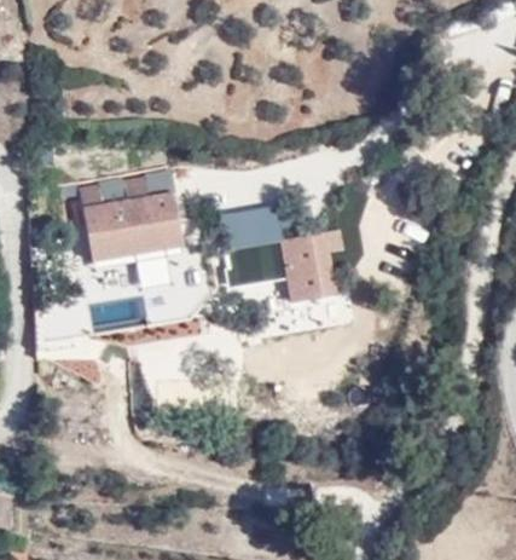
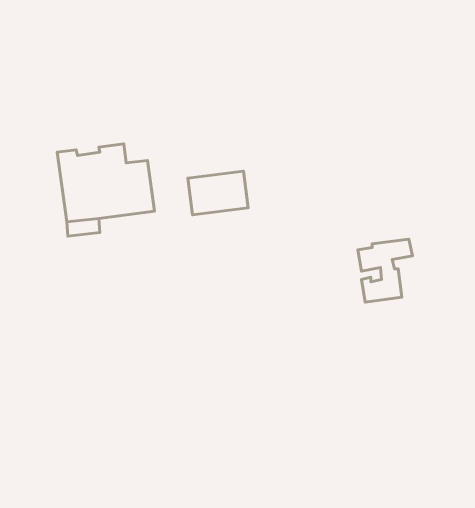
building: [285,233,341,298] -> [358,239,412,302]

